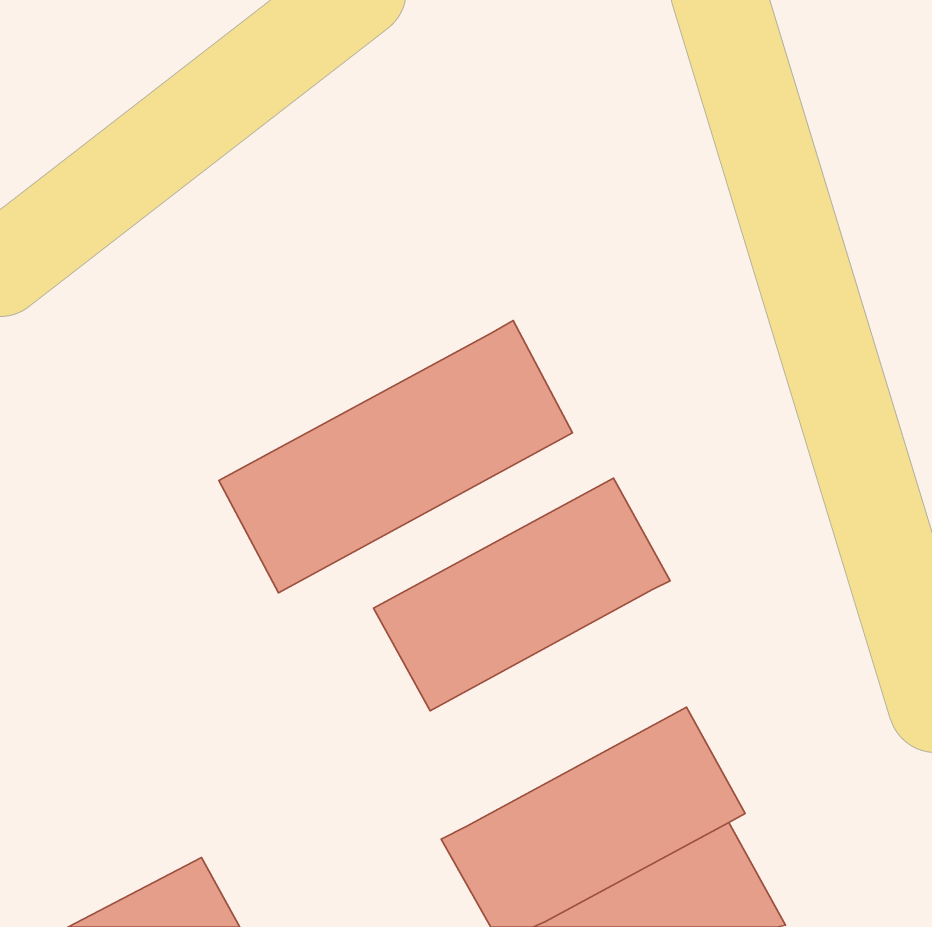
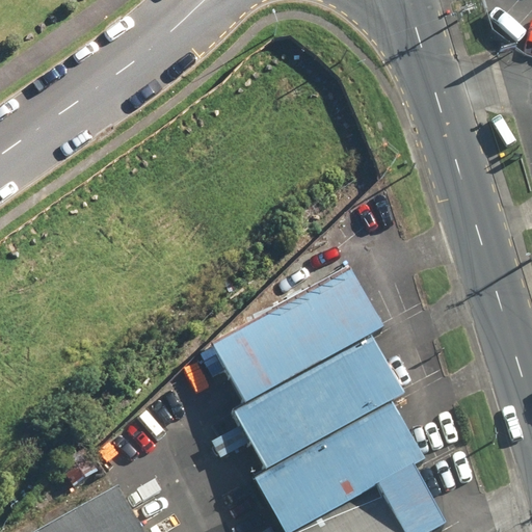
building: [219,320,573,593] -> none
building: none -> [235,335,404,469]

